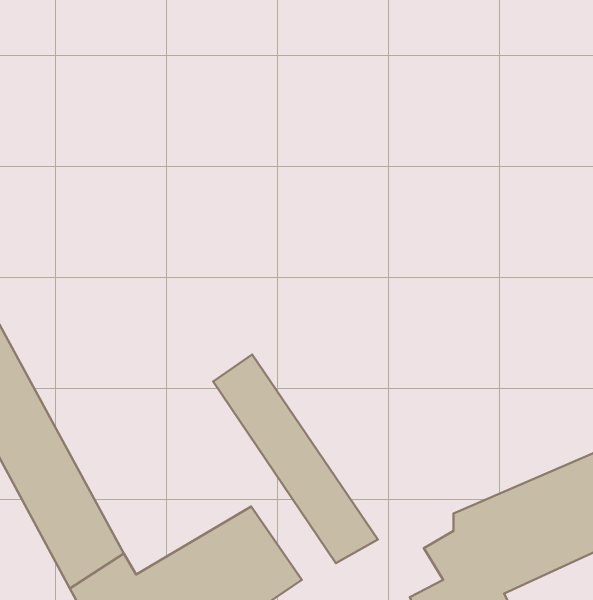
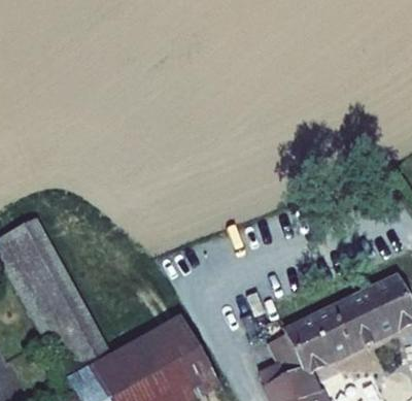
building: [213,355,378,563] -> none

